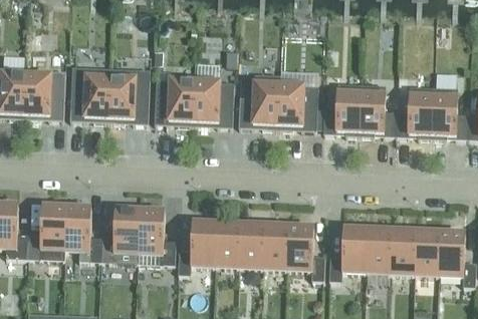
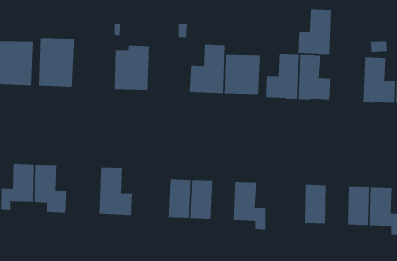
building: [108,66,150,121] -> none
building: [193,74,234,125] -> none
building: [396,85,434,136] -> [298,9,332,55]
building: [101,208,140,261] -> none
building: [178,221,217,273] -> none
building: [263,224,289,268] -> none
building: [329,227,368,279] -> none
building: [391,229,416,273] -> none

